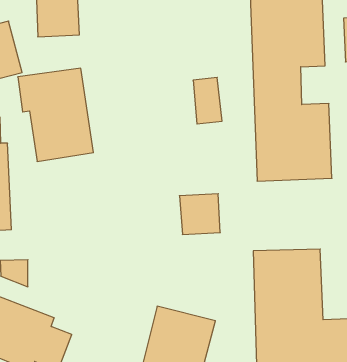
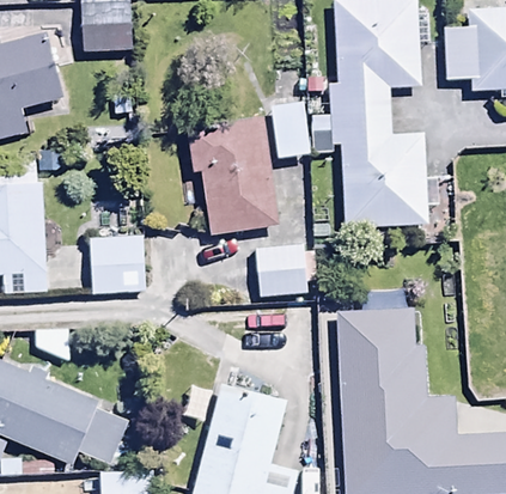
building: [18,68,93,161] -> [179,118,273,233]
building: none -> [83,233,139,293]

